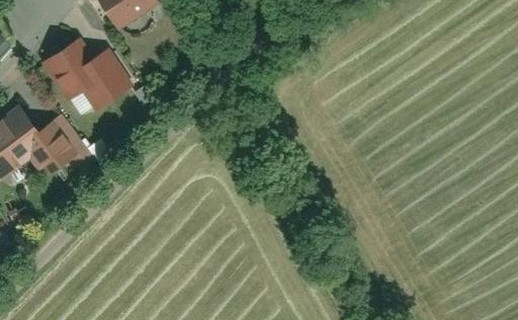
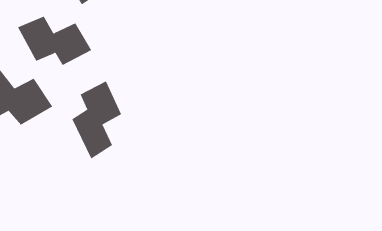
building: none -> [71,81,122,160]

